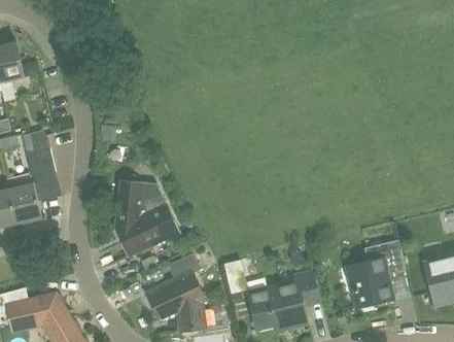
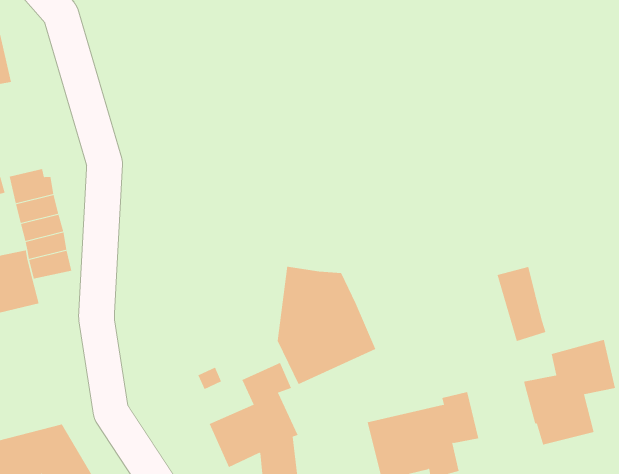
building: [115,180,178,255] -> [277,266,376,385]
building: none -> [497,266,546,342]

